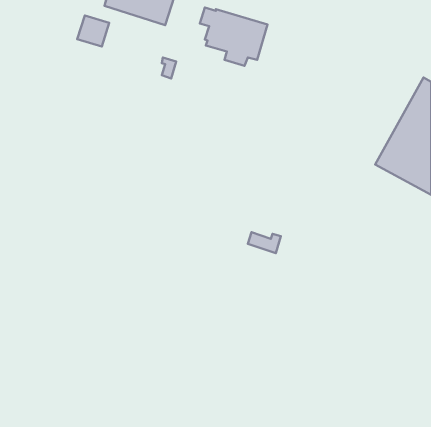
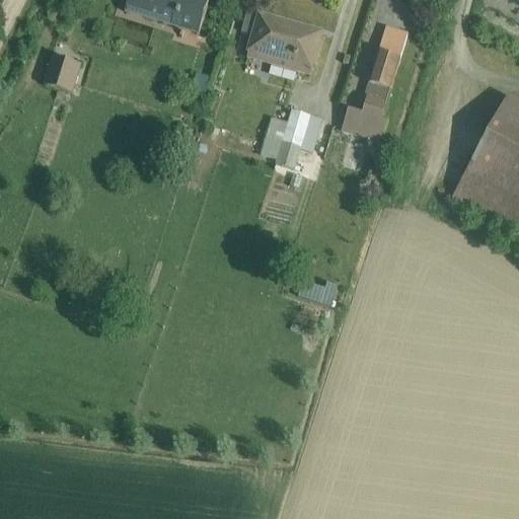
building: [77,15,109,47] -> [44,53,82,90]
building: none -> [342,23,409,141]
building: none -> [260,107,323,166]

